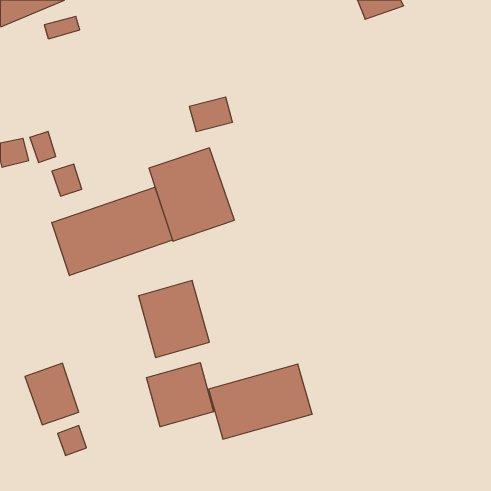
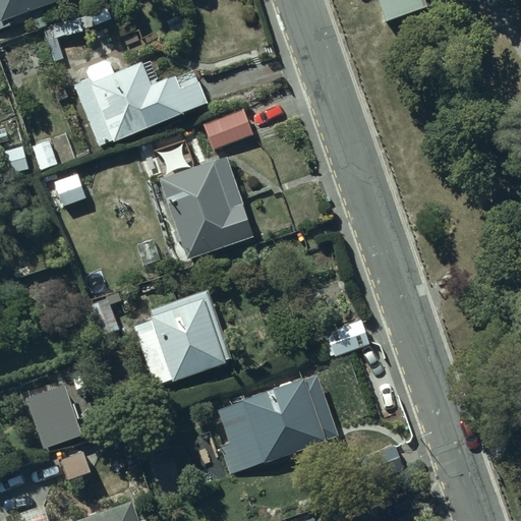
building: none -> [86,49,201,140]
building: [52,187,173,276] -> none
building: [146,363,214,427] -> none

